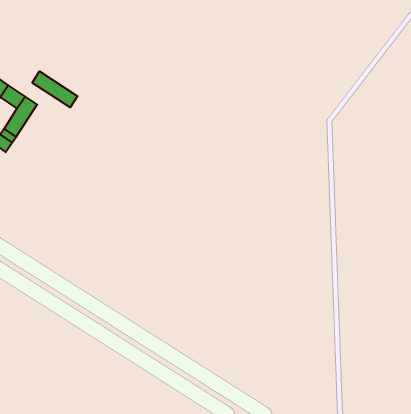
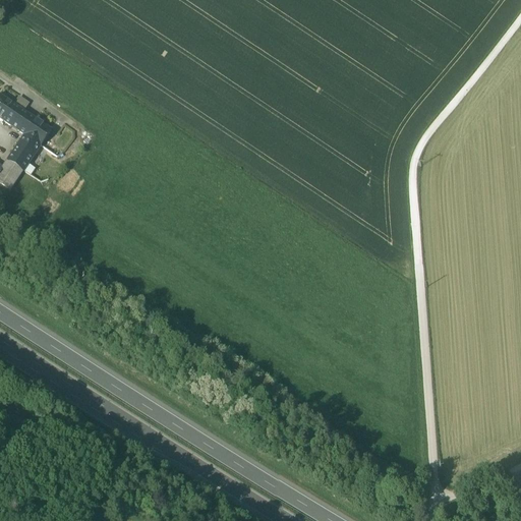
building: [32,71,77,107] -> none

